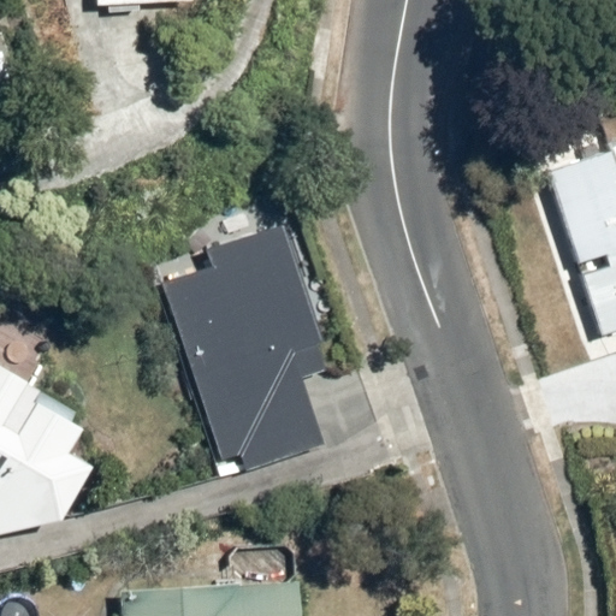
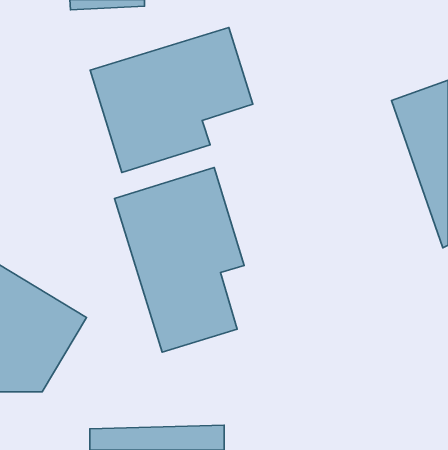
building: none -> [90,27,253,172]

